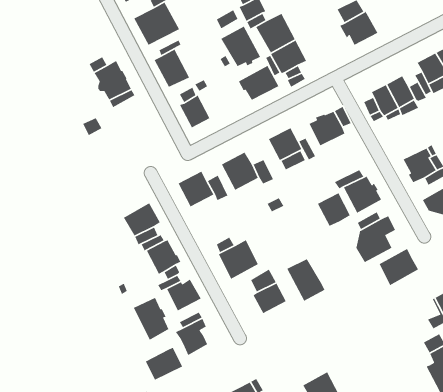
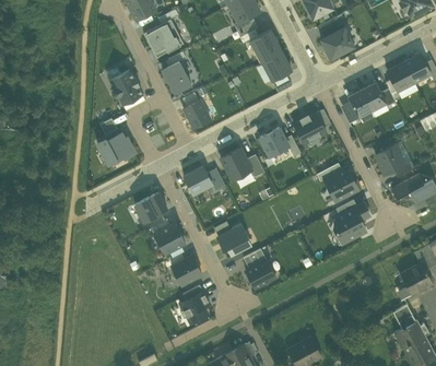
building: [220,26,261,67] -> none
building: [238,65,280,101] -> none
building: none -> [97,132,134,162]
building: [317,192,351,227] -> none
building: [379,248,419,286] -> none
building: [286,258,326,302] -> none
building: [133,297,170,341] -> none
building: [145,347,183,381] -> none

